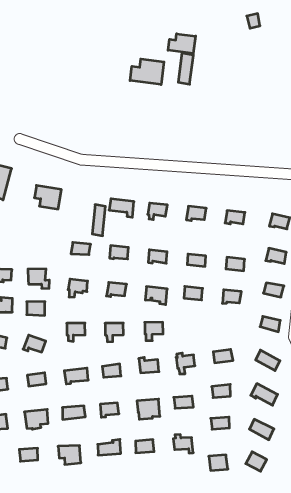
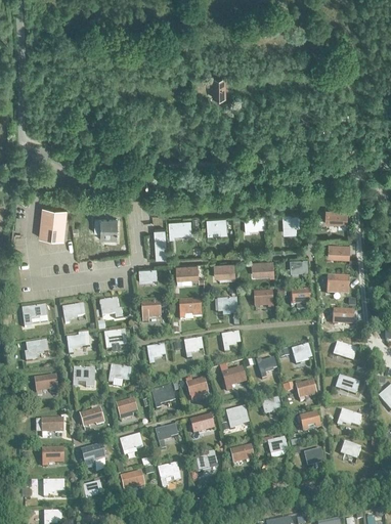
building: [168,34,196,54] -> none
building: [130,59,164,85] -> none

